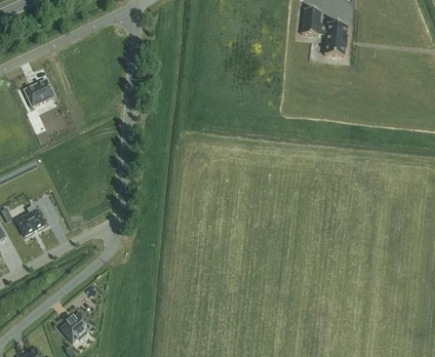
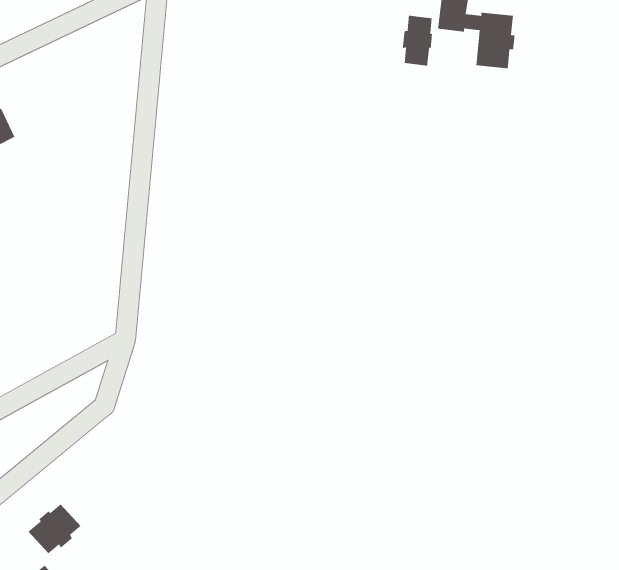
building: none -> [402,15,433,67]

